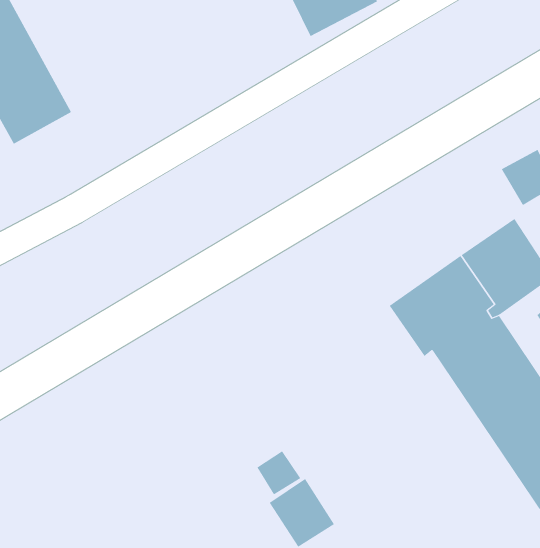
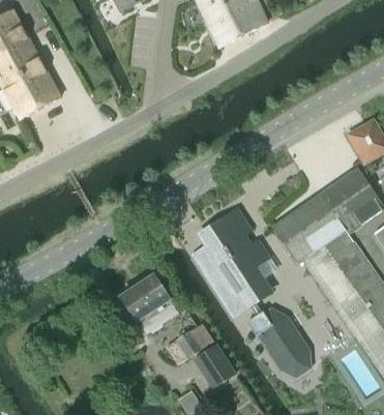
building: none -> [200,209,311,376]
building: none -> [121,273,178,333]

